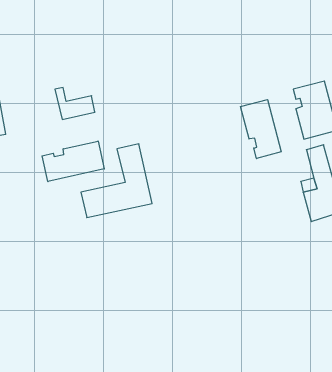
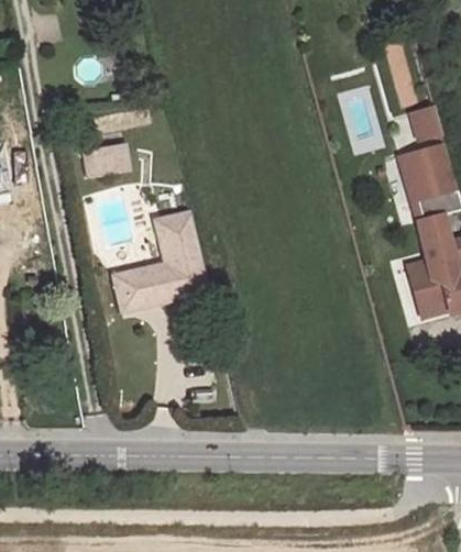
building: [241,100,281,159] -> none
building: [42,141,104,182] -> none

